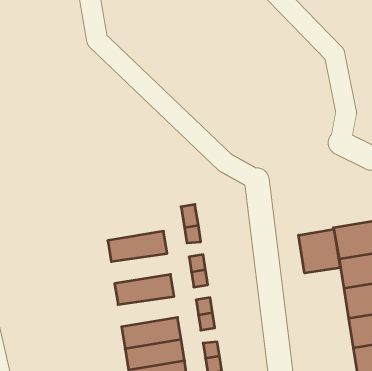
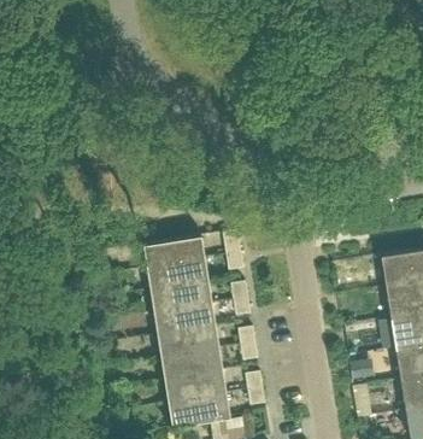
building: none -> [143,235,205,269]
building: [299,229,340,273] -> none
building: none -> [151,282,212,314]
building: none -> [158,327,219,358]

